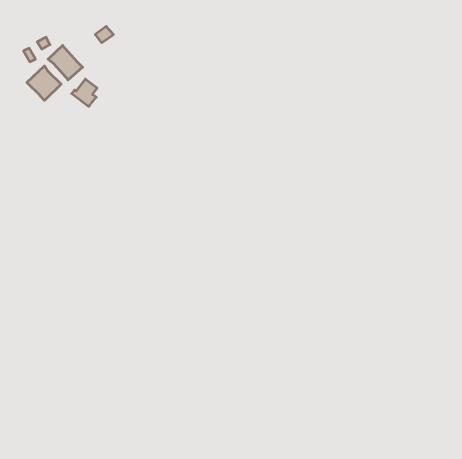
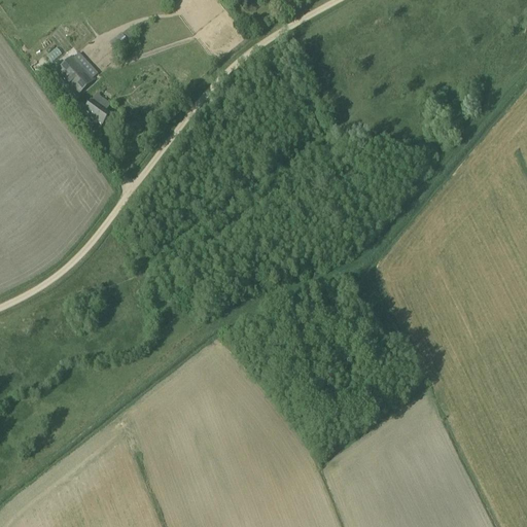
building: [27,66,61,100] -> none

